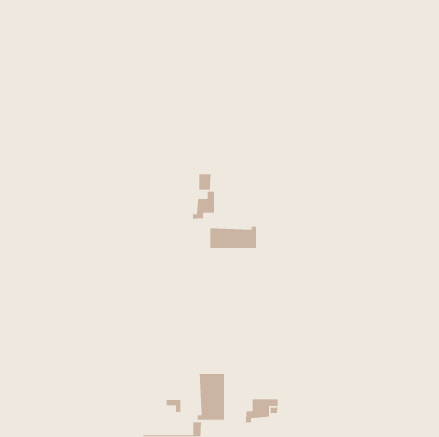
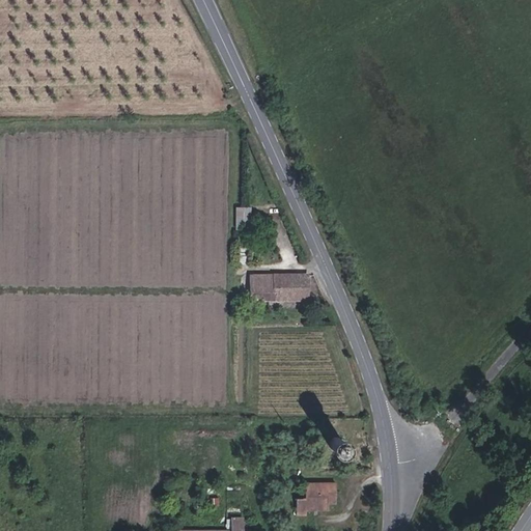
building: [192,191,215,220] -> none
building: [197,373,225,420] -> none

